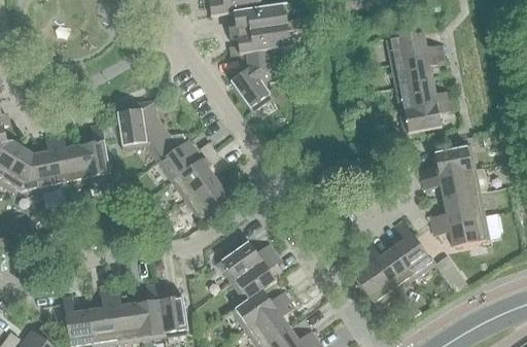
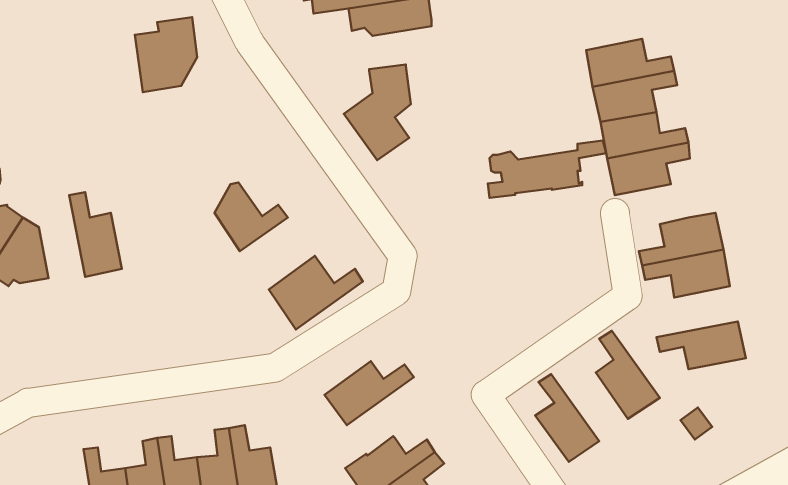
building: [229,18,305,55] -> [488,140,606,198]
building: [116,100,156,148] -> [135,17,197,92]
building: [79,124,111,180] -> none
building: [33,133,63,189] -> none
building: [163,141,220,194] -> none
building: [430,192,484,224] -> none
building: [363,242,413,291] -> none
building: [232,250,280,301] -> none

